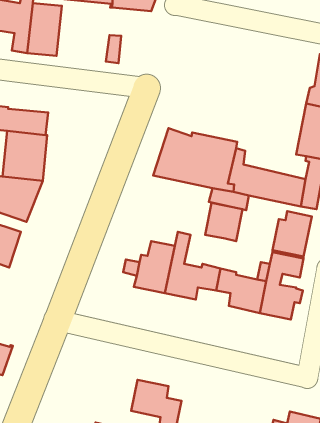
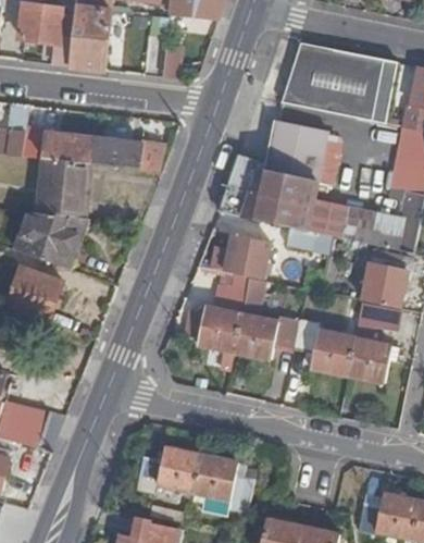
building: none -> [286,42,394,122]
building: none -> [265,118,327,171]
building: none -> [90,136,162,170]
building: [205,203,242,241] -> [224,234,269,280]
building: none -> [134,447,200,494]

